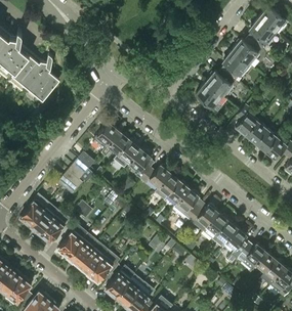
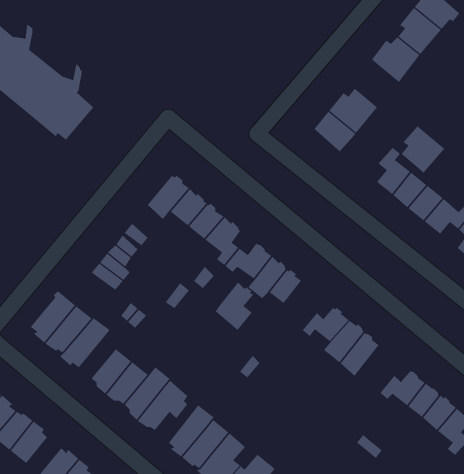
building: [221,51,249,81] -> [401,126,445,173]
building: [174,188,199,219] -> [215,281,254,331]
building: [222,228,246,258] -> none

